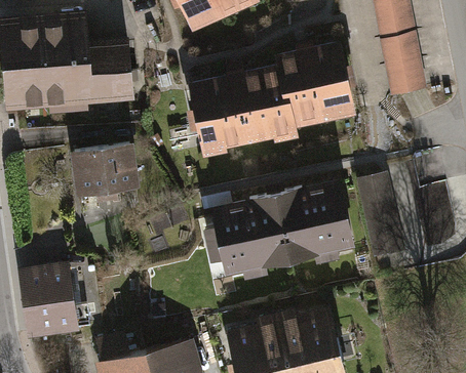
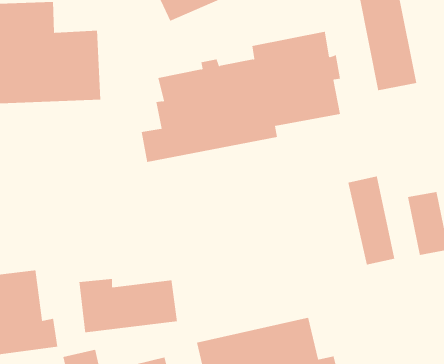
building: [70,139,138,204] -> none
building: [203,180,357,276] -> none
building: none -> [79,278,177,333]

